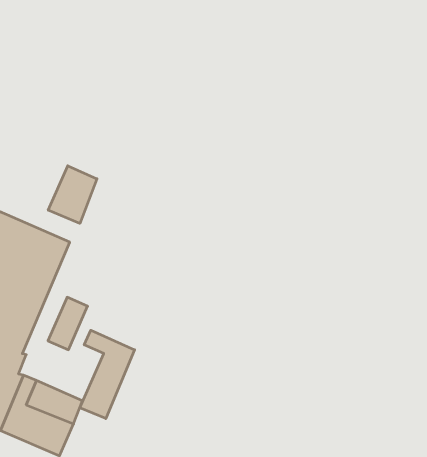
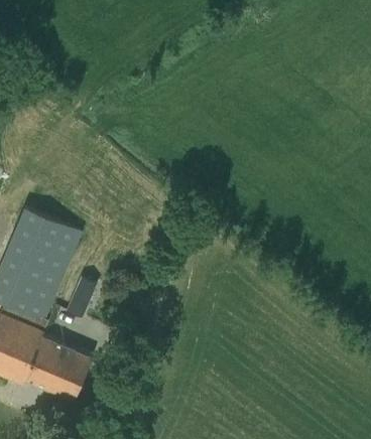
building: [48,166,97,223] -> none
building: [80,330,135,419] -> none

